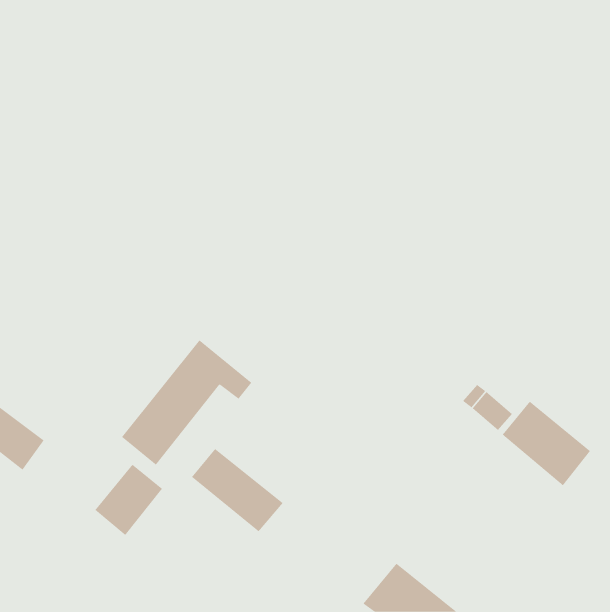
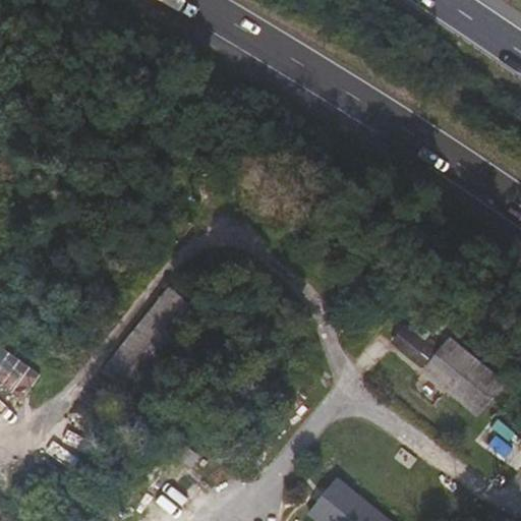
building: [191,448,284,532] -> none
building: [94,464,163,536] -> none

